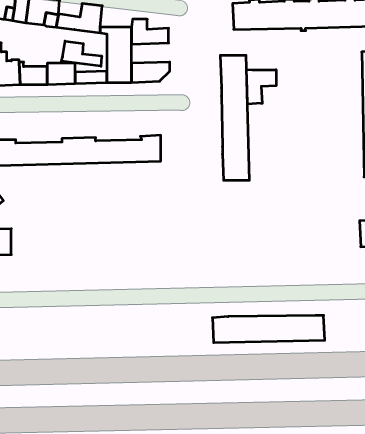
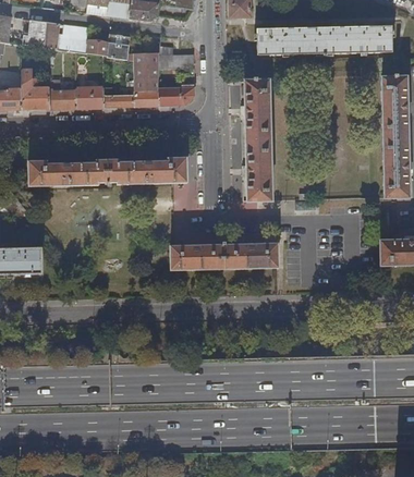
building: [61,41,102,66] -> none
building: [247,69,276,104] -> none
building: [212,315,325,343] -> [171,243,280,269]

